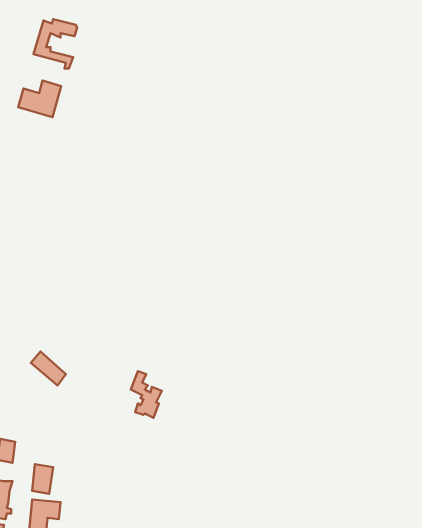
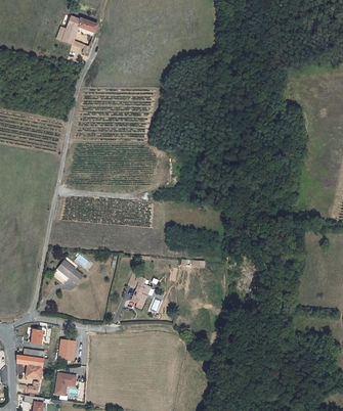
building: [18,81,61,117] -> none

